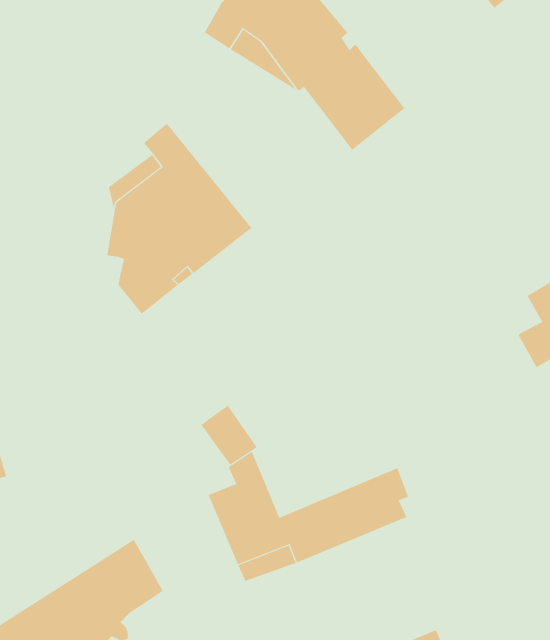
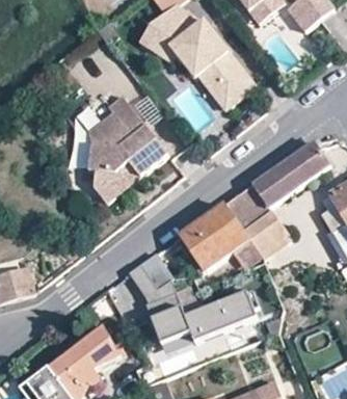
building: none -> [178,141,330,271]

